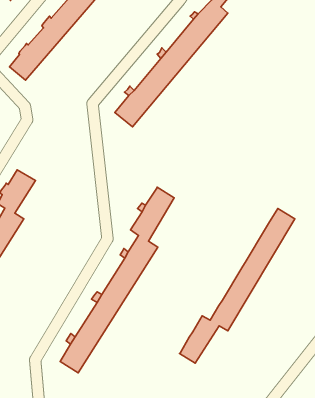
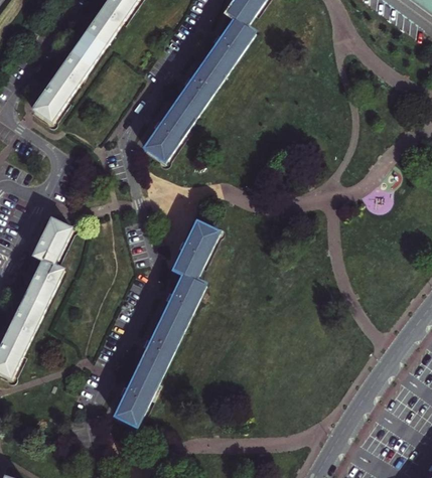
building: [180,209,295,363] -> none

